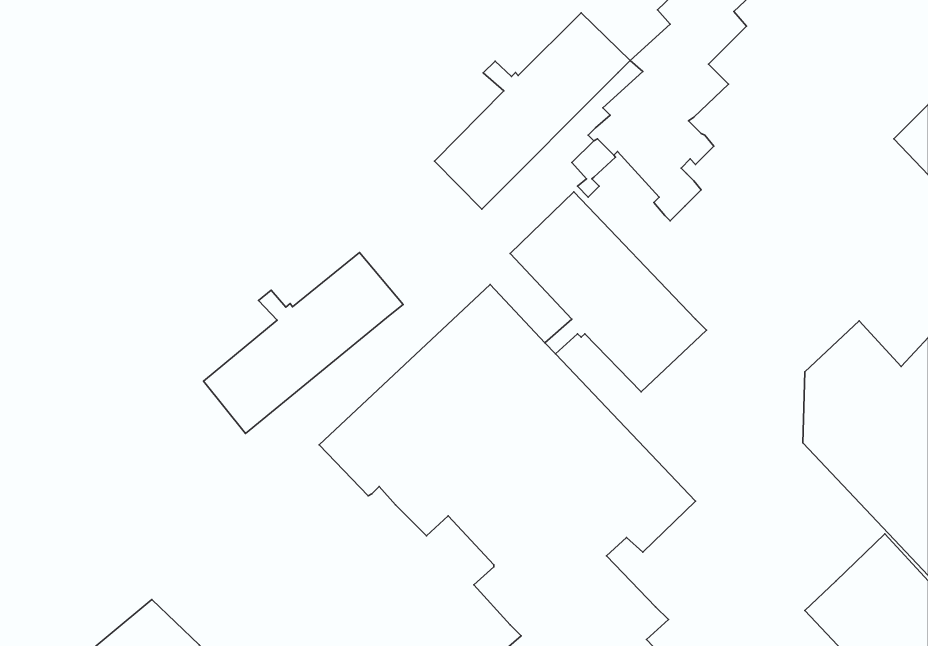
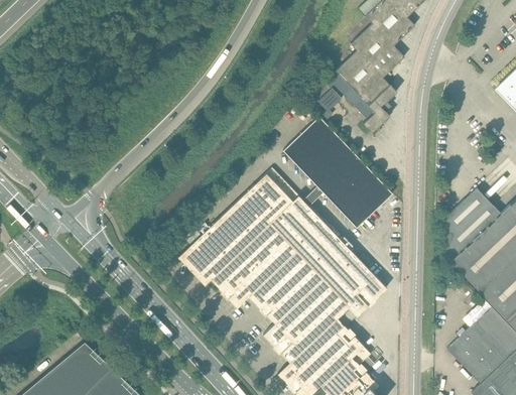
building: [435,13,630,209] -> none
building: [203,252,403,434] -> none

